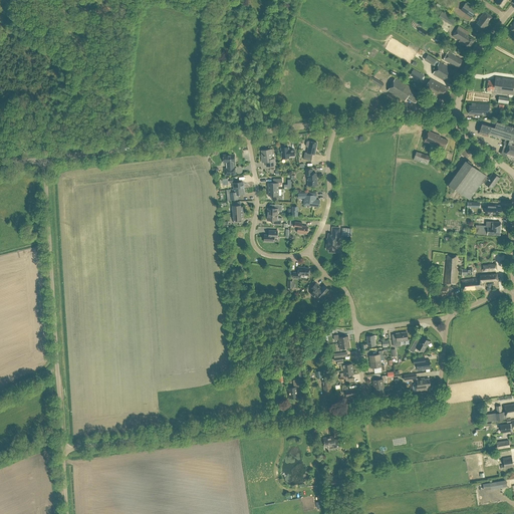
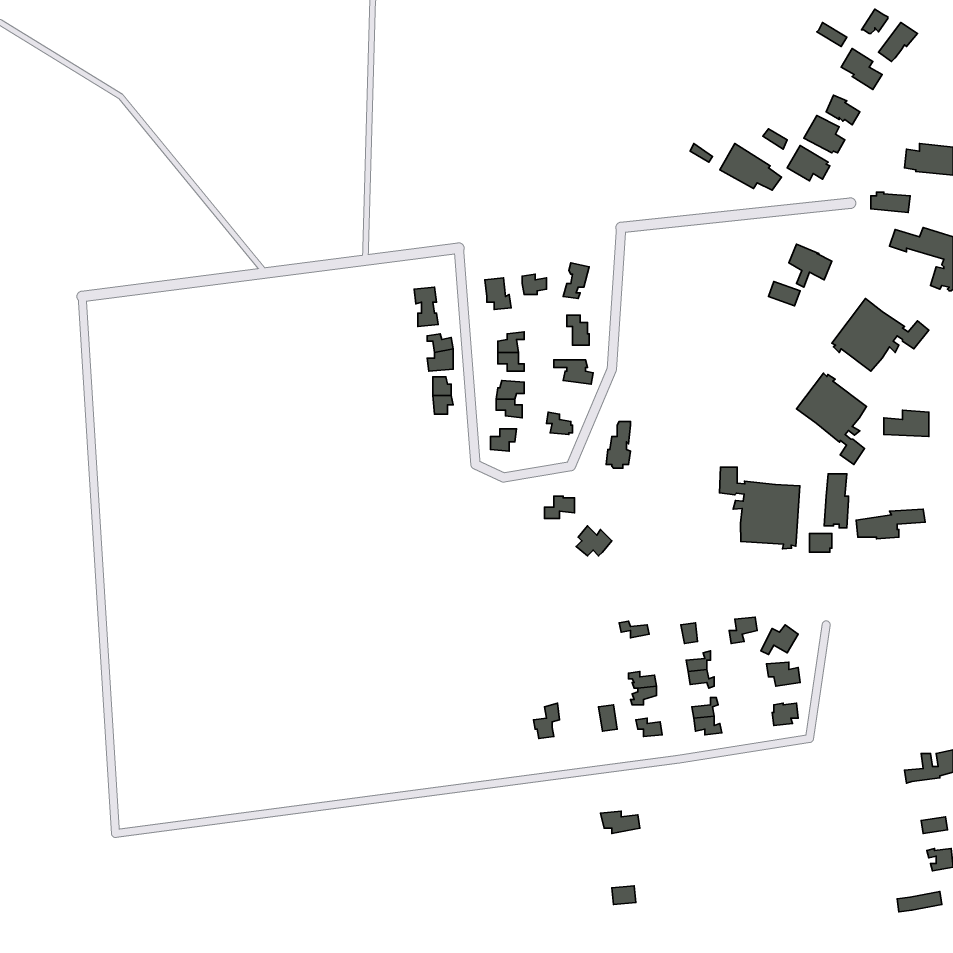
building: none -> [797,373,866,464]
building: none -> [720,467,800,549]

